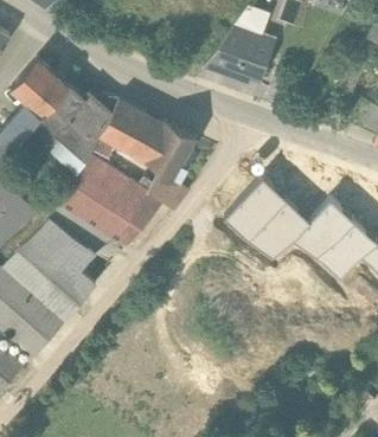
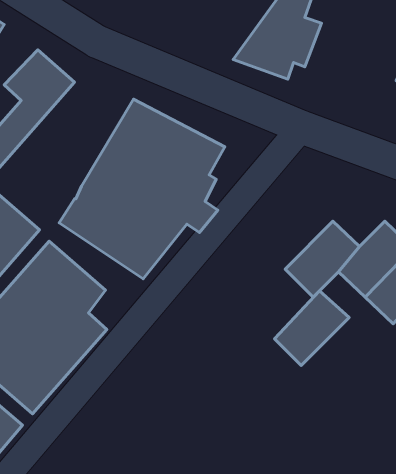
building: [32,84,118,172] -> none
building: [224,179,287,242] -> [275,291,349,365]

